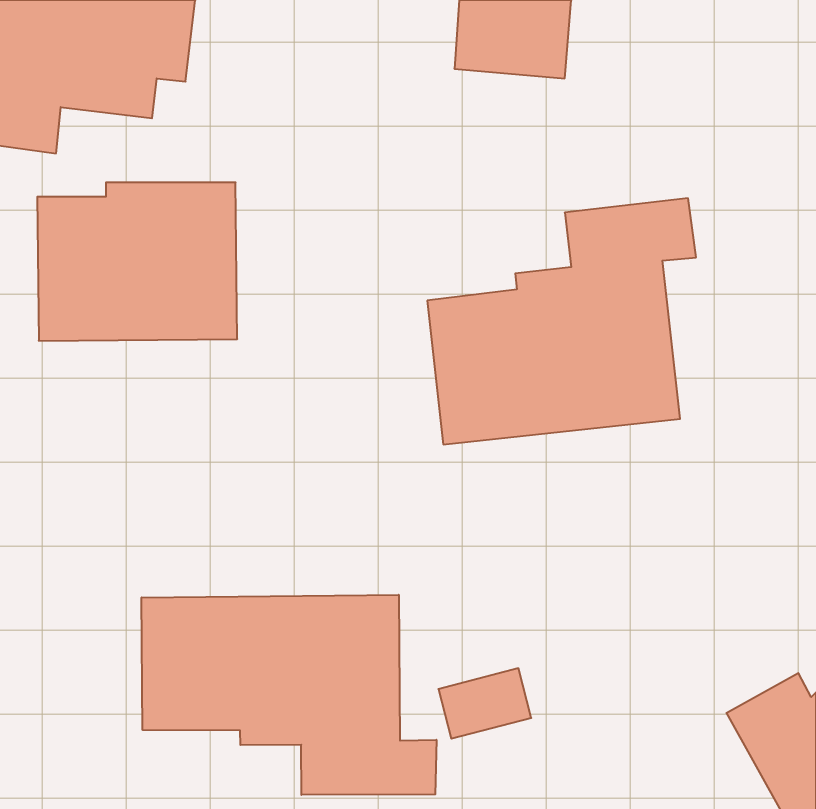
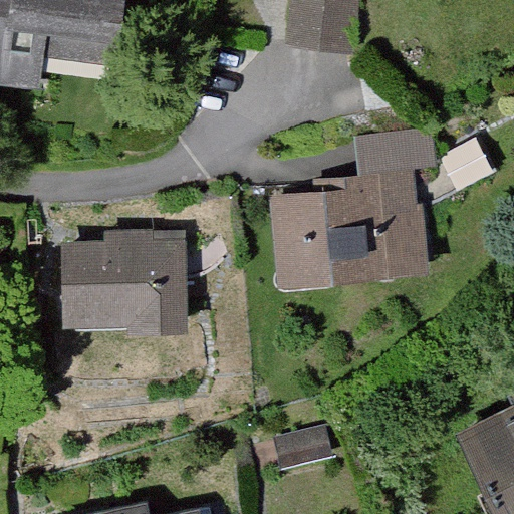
building: [37,182,237,341] -> [61,229,187,328]
building: [142,595,436,795] -> none

